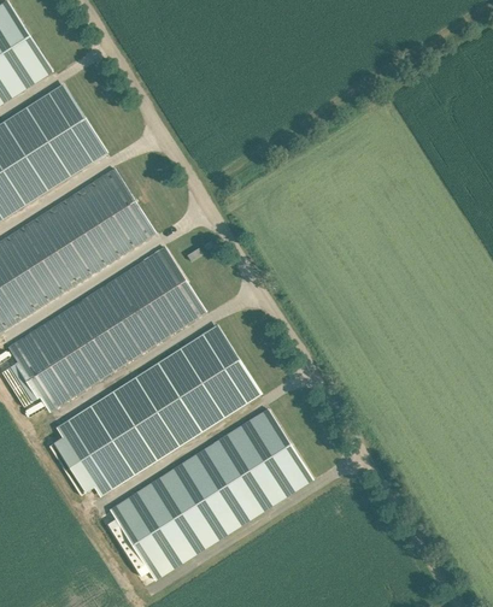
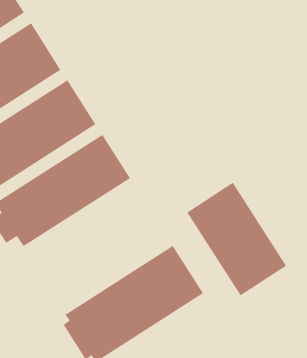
building: none -> [187,182,287,296]
building: [49,324,262,496] -> none

